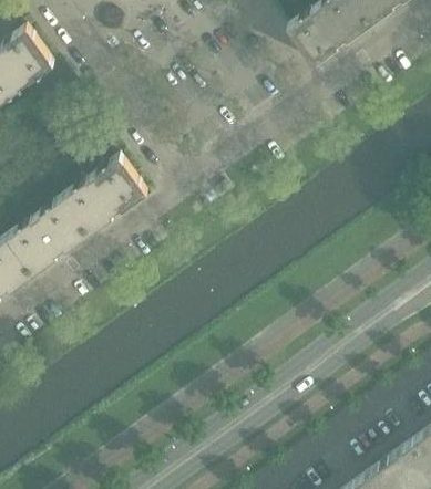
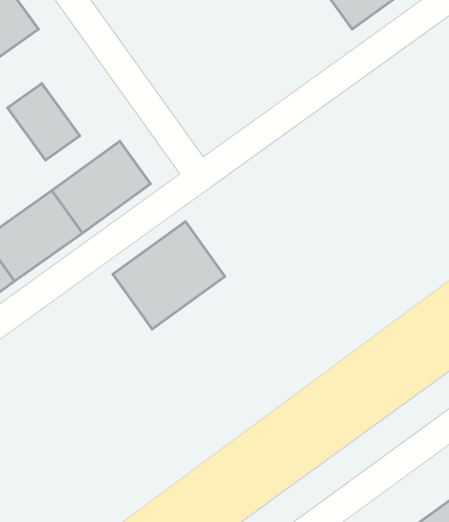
building: none -> [8,83,80,160]
building: none -> [113,222,225,329]

